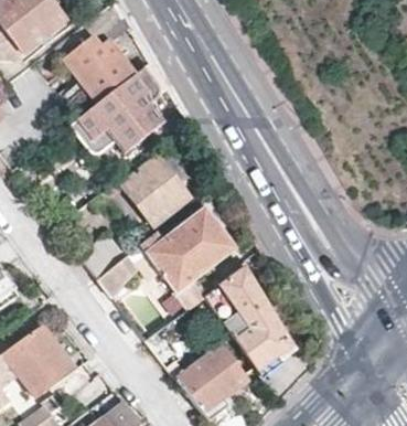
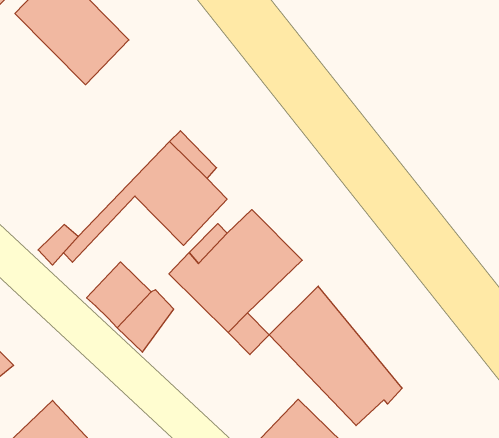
building: [69,62,168,159] -> none

